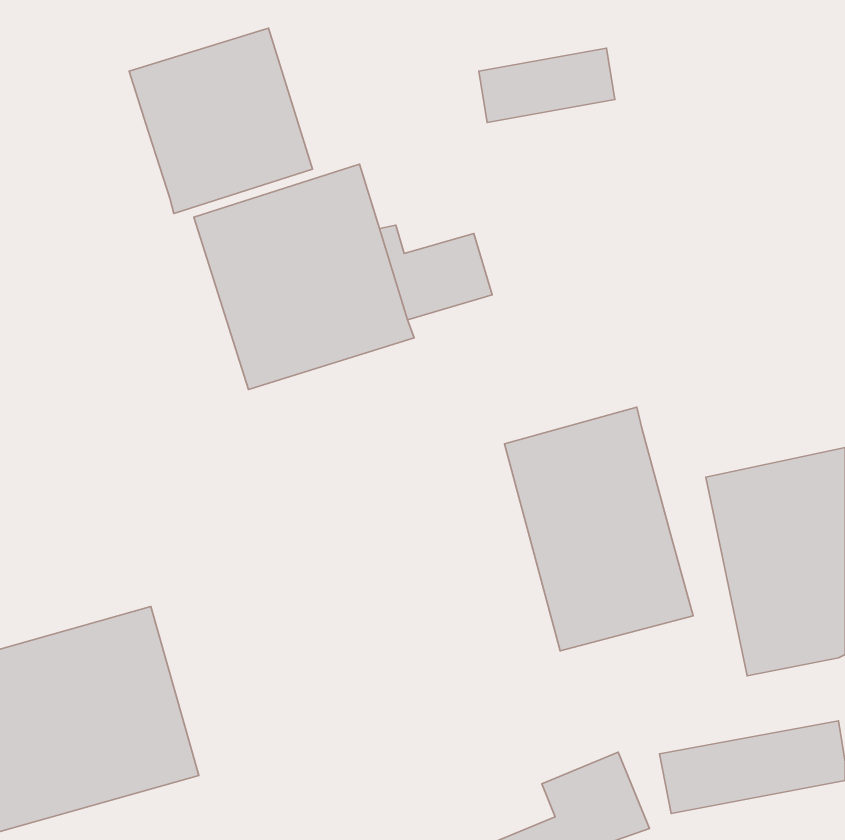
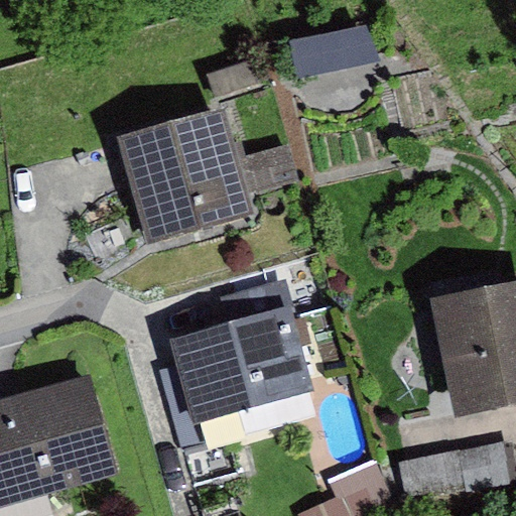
building: [129,28,312,213] -> none
building: [505,407,693,651] -> none
building: none -> [157,305,318,455]

